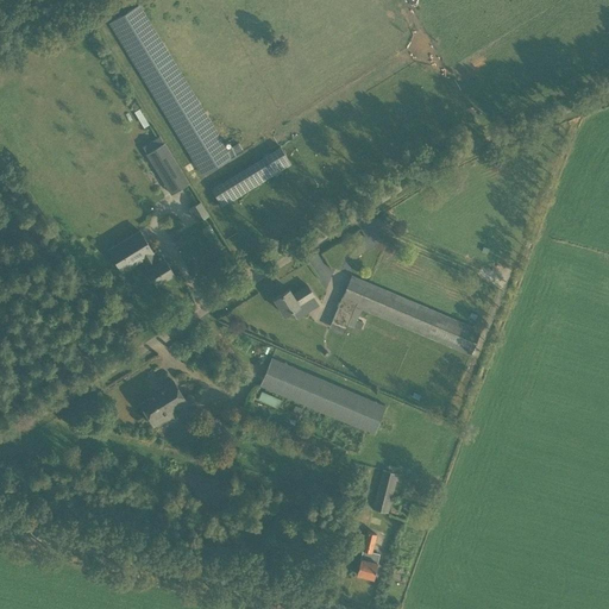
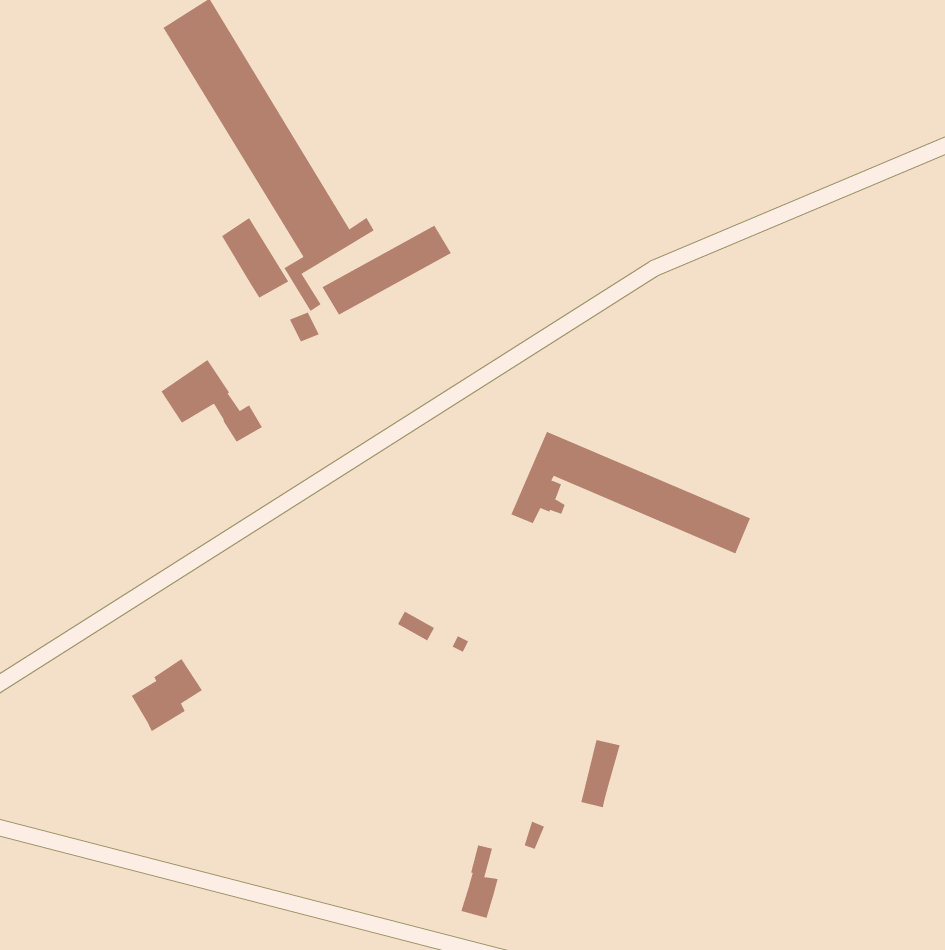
building: [274,287,314,316] -> none
building: [260,359,385,435] -> none
building: [140,381,186,427] -> [131,658,203,732]
building: [356,533,379,579] -> [461,845,498,919]

